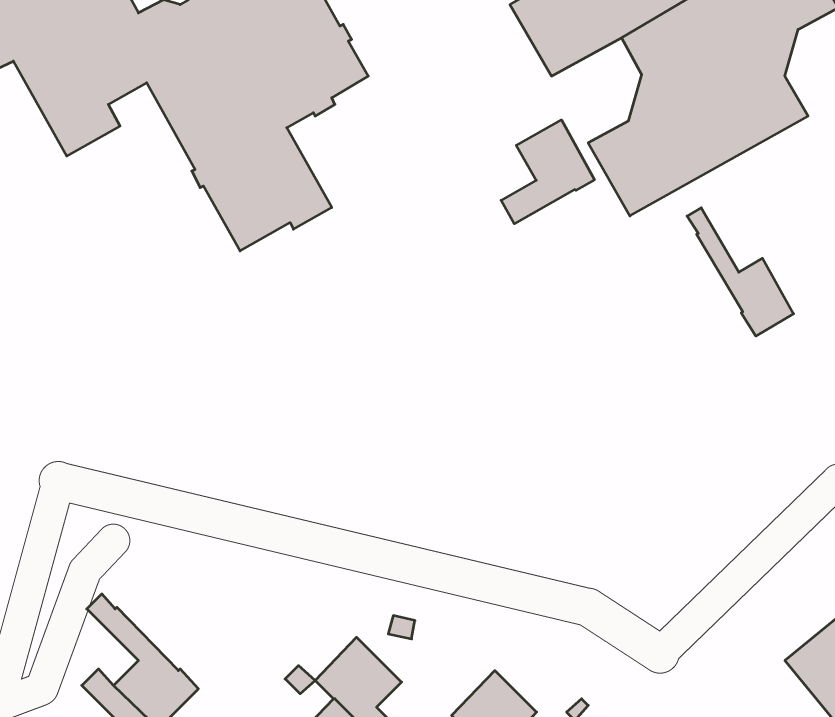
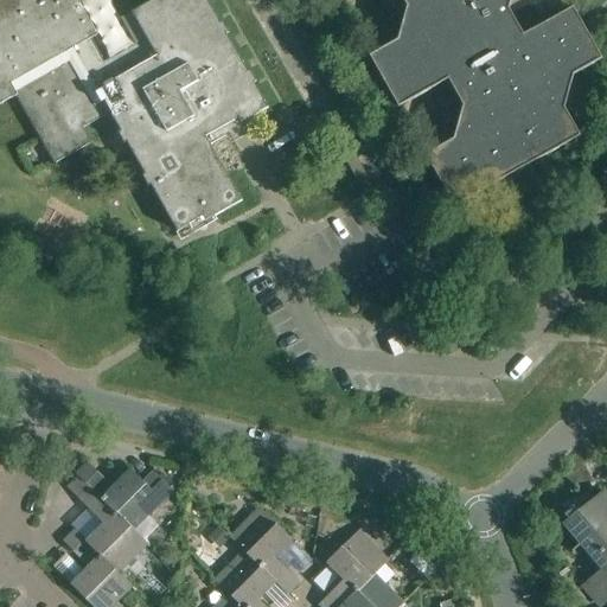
building: [501,120,594,224] -> none
building: [687,208,794,336] -> none
building: none -> [76,460,173,529]

